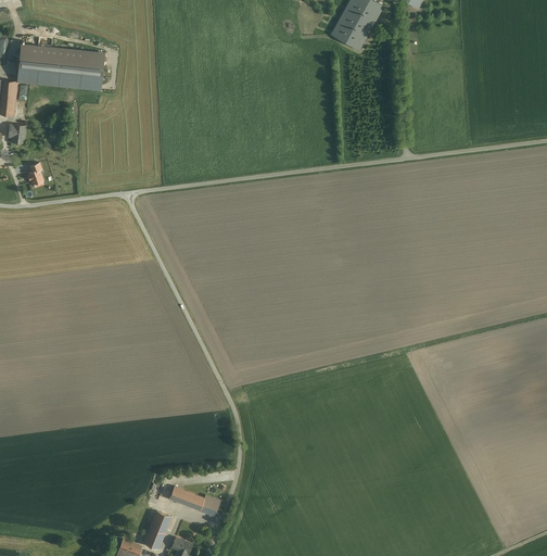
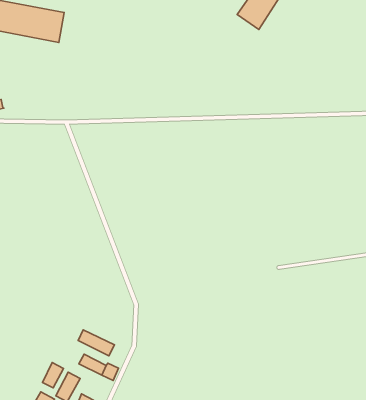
building: none -> [78,330,115,356]
building: none -> [43,363,63,388]

